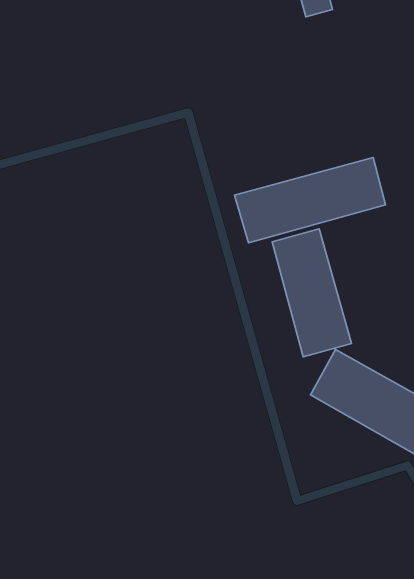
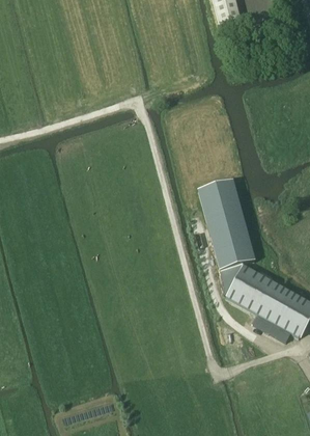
building: [235,157,385,243] -> none

